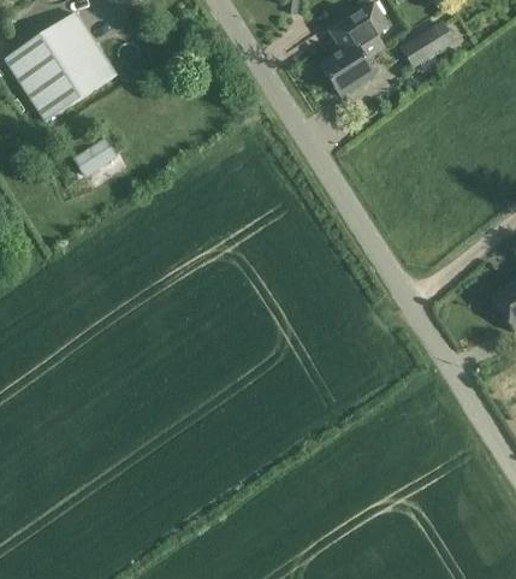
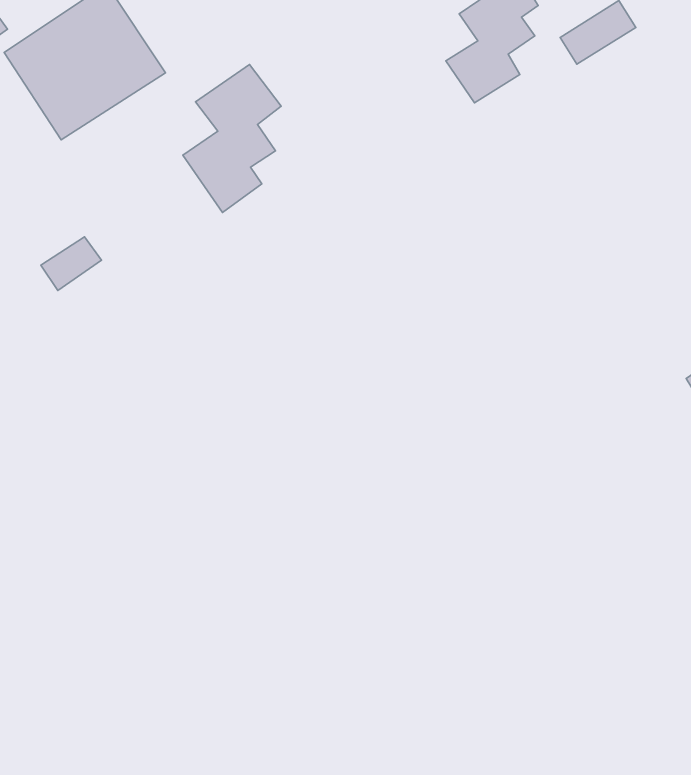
building: none -> [183,64,281,213]
building: [73,135,117,173] -> [41,237,101,291]

